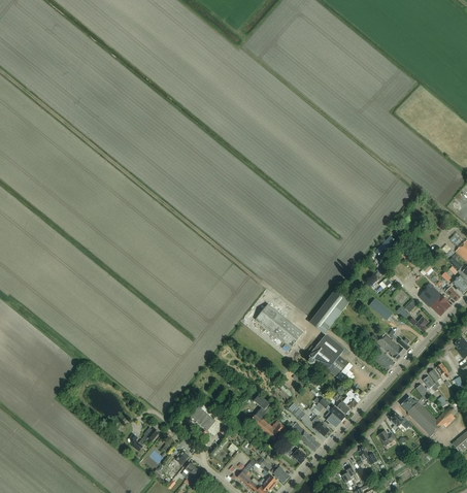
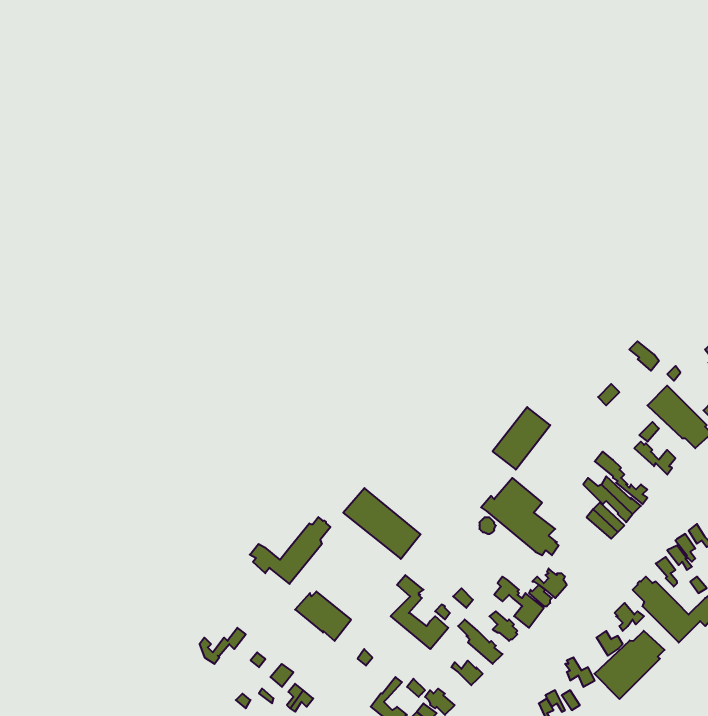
building: [255,303,303,348] -> [343,488,421,559]
building: none -> [250,517,330,584]
building: none -> [594,631,665,699]

